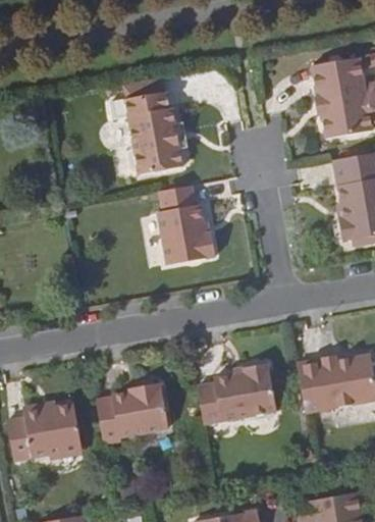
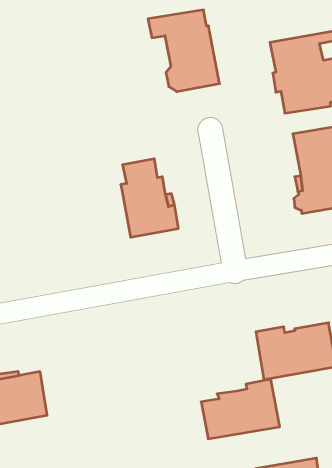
building: [112,91,185,174] -> [148,10,220,92]
building: [197,363,277,424] -> [201,379,280,439]
building: [96,382,170,443] -> none

